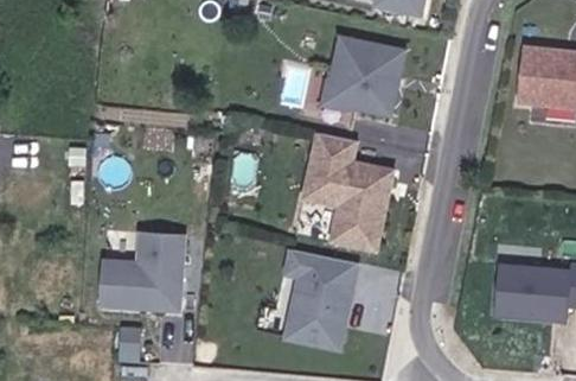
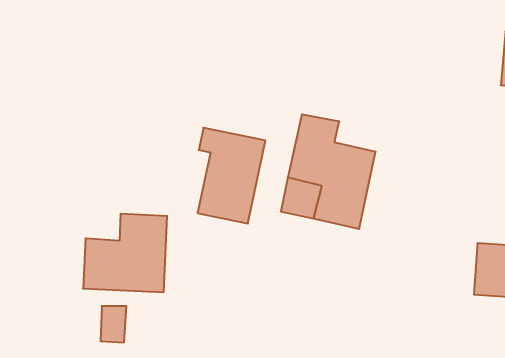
building: [327,39,404,116] -> none
building: [288,249,357,347] -> [198,128,265,224]

